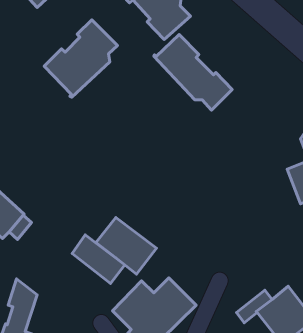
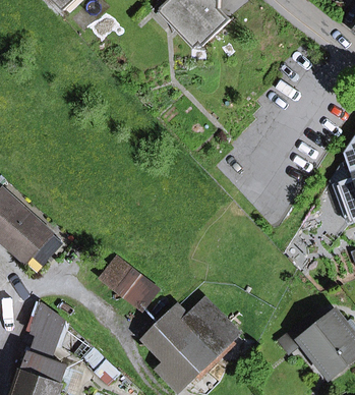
building: [44,20,118,97] -> none
building: [154,35,232,110] -> none
building: [96,217,156,274] -> none

